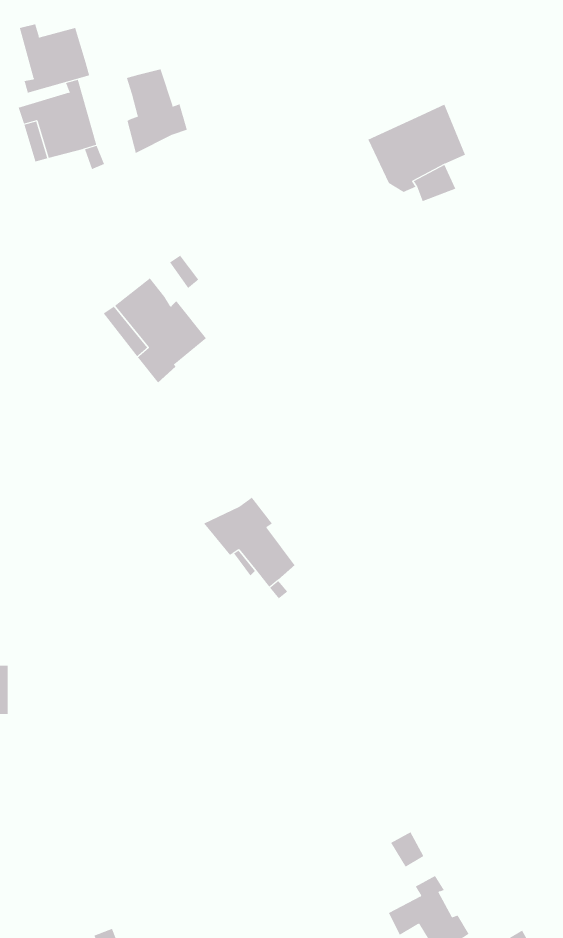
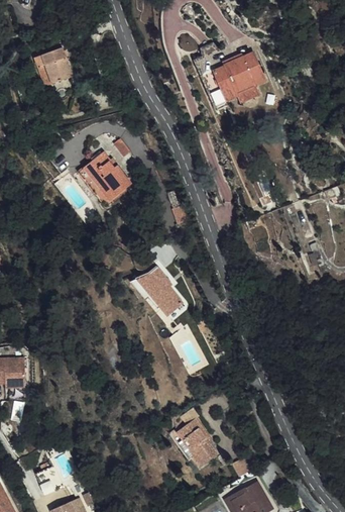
building: [19,24,90,94] -> none
building: [126,69,188,154] -> none
building: none -> [167,411,215,460]

